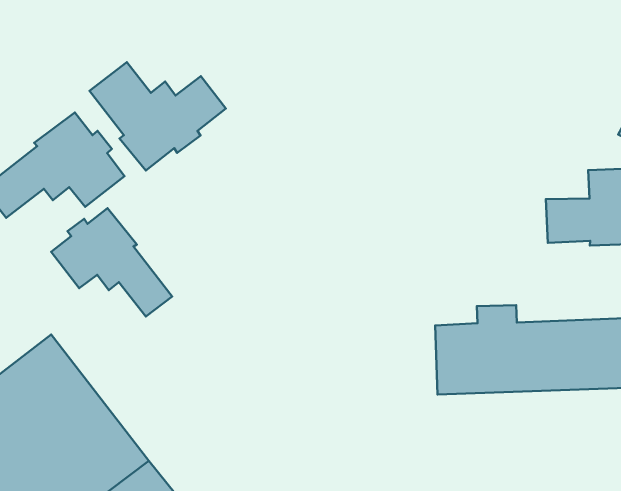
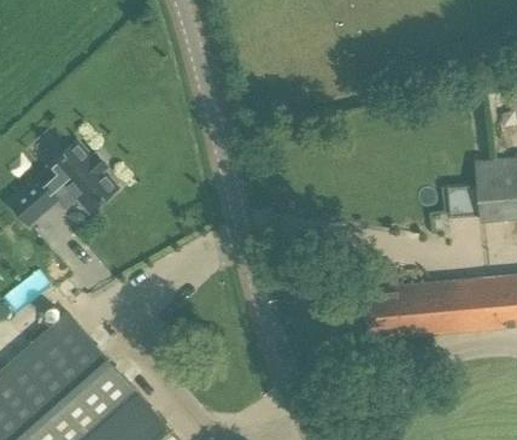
building: [90,62,226,171] -> none
building: [51,208,172,317] -> none

